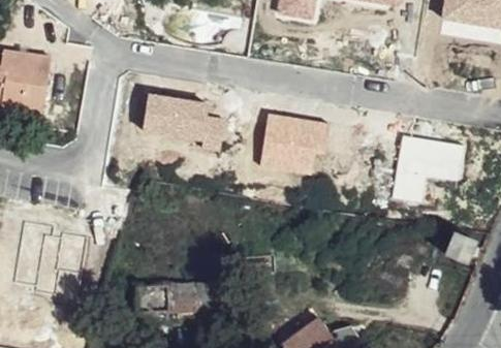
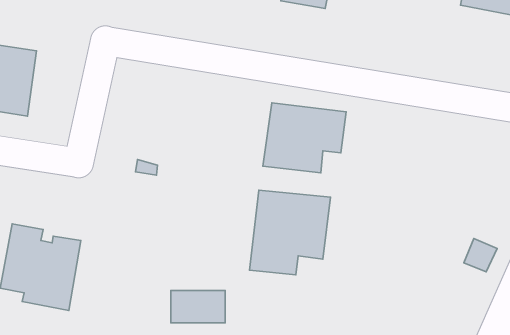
building: [142,91,224,152] -> none
building: [388,132,468,205] -> none
building: none -> [249,190,331,275]

